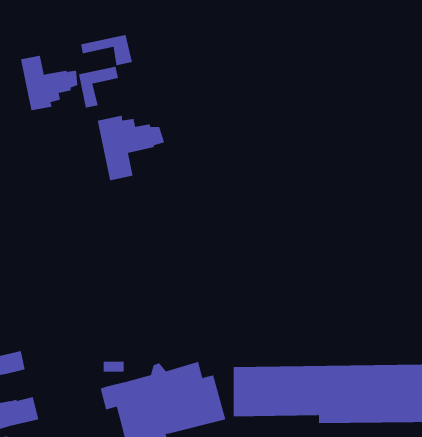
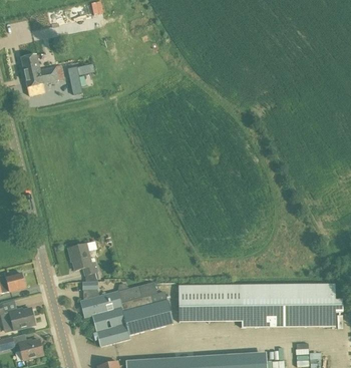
building: [80,34,132,66] -> none
building: [97,115,165,181] -> none
building: none -> [67,243,98,275]

